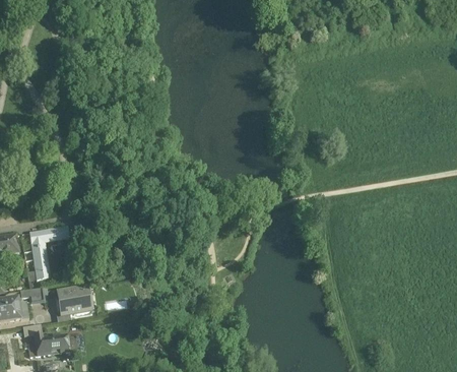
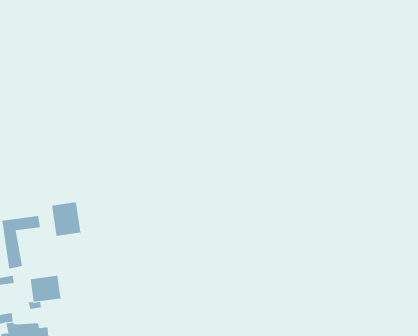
building: none -> [52,202,81,237]

